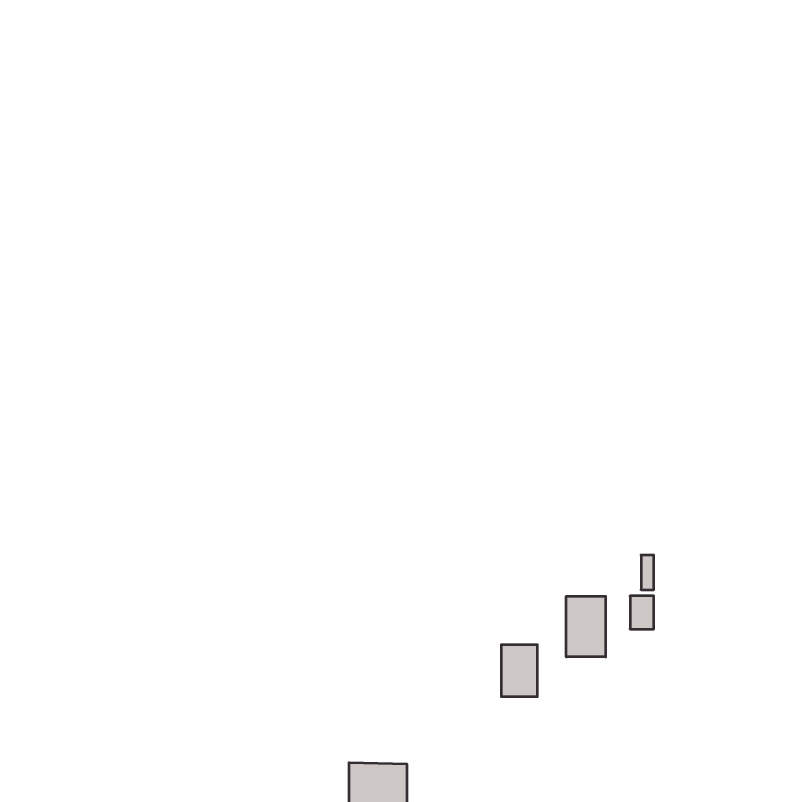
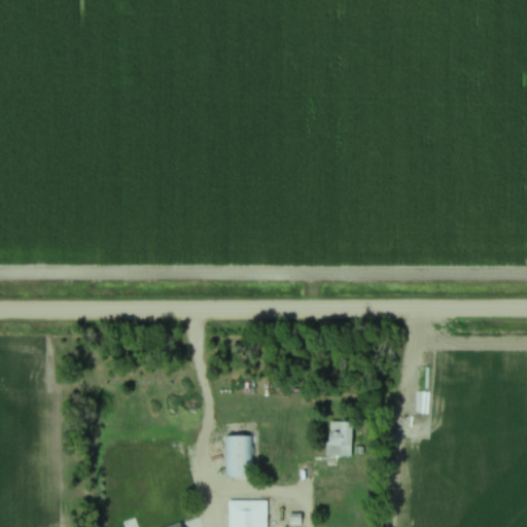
building: [566,596,606,657] -> none
building: none -> [223,434,252,475]

